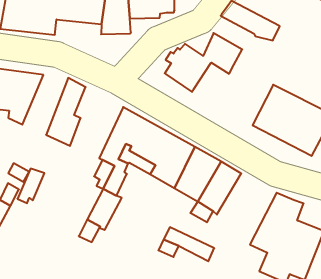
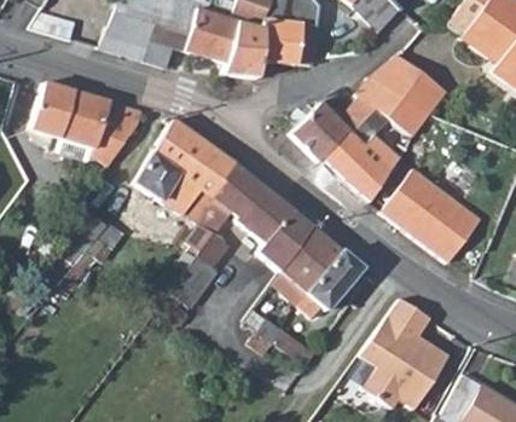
building: none -> [358,75,428,135]
building: none -> [323,129,402,203]
building: none -> [163,134,234,222]

